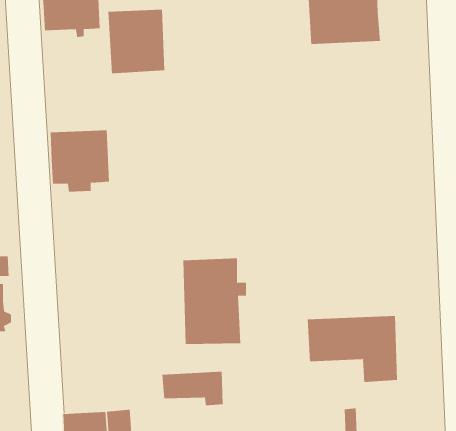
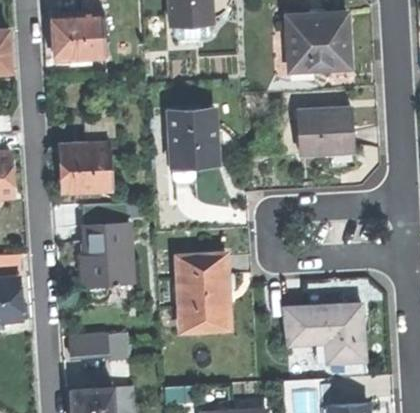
building: [108,9,165,74] -> [165,111,215,167]
building: none -> [305,109,358,156]
building: none -> [82,224,129,284]
building: [161,371,224,406] -> [69,334,123,364]

